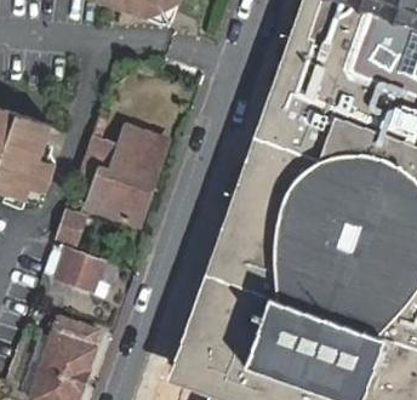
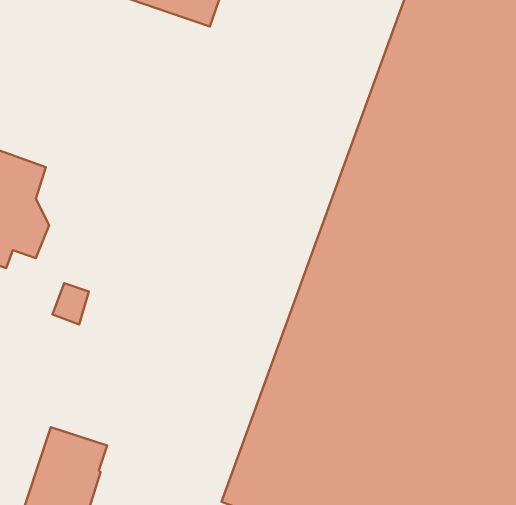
building: [80,124,165,222] -> none
building: [55,247,101,290] -> none

